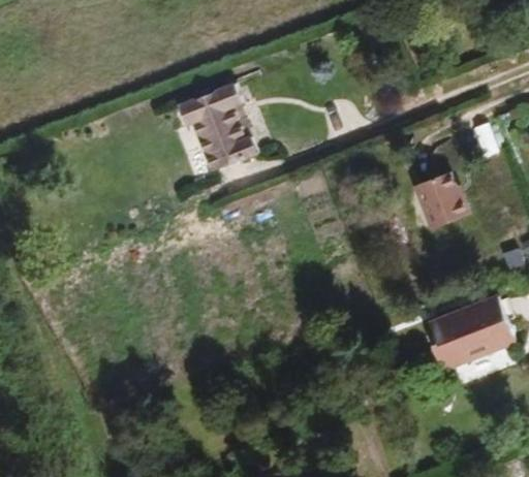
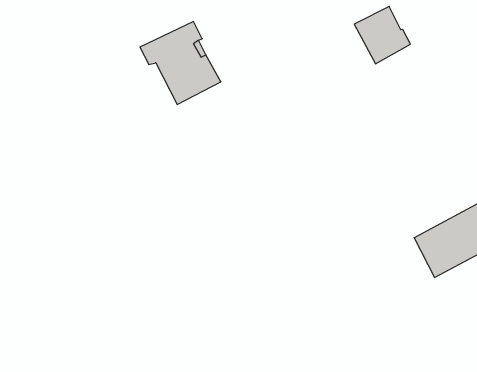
building: [412,170,467,227] -> [354,6,410,64]

